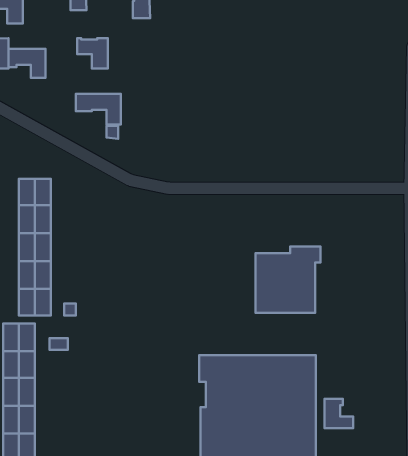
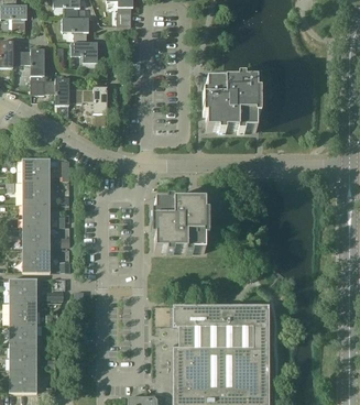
building: none -> [62,18,87,43]
building: none -> [201,75,255,131]
building: none -> [30,79,69,116]
building: [256,247,321,313] -> [154,196,208,251]
building: [325,399,353,428] -> none

